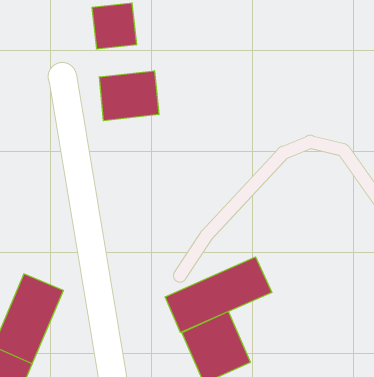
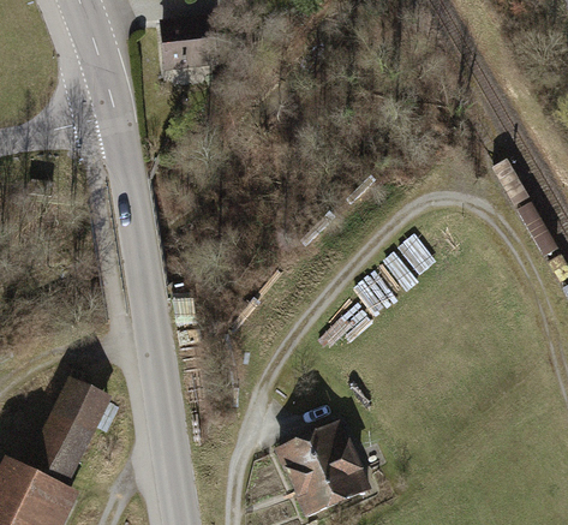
building: [99,71,159,121] -> none
building: [165,257,272,332] -> none

